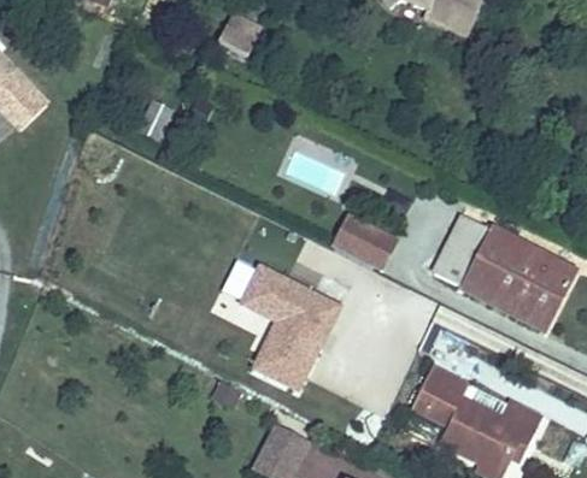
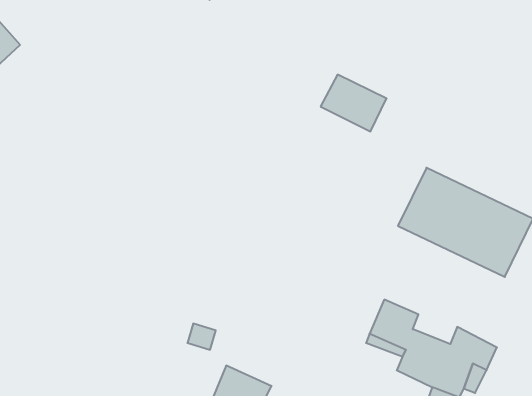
building: [333,214,403,275] -> [321,75,387,131]
building: [239,265,347,397] -> none

